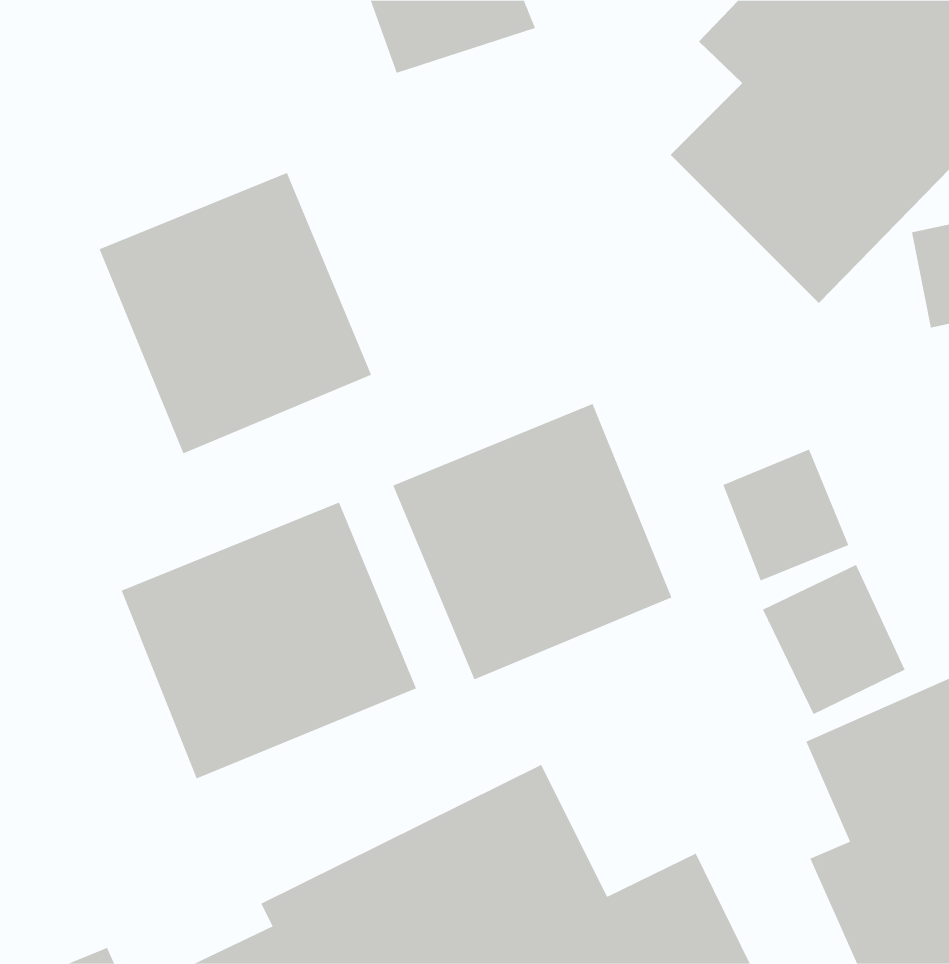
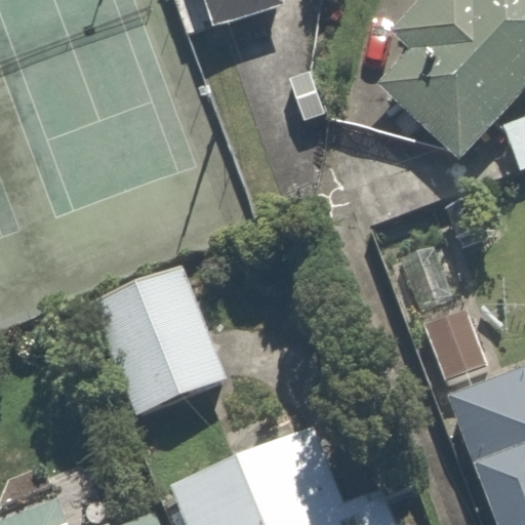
building: [99,172,372,454] -> none
building: [392,403,672,680] -> none

